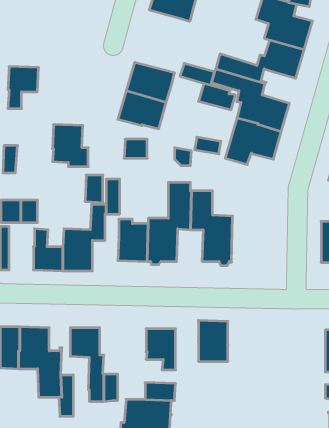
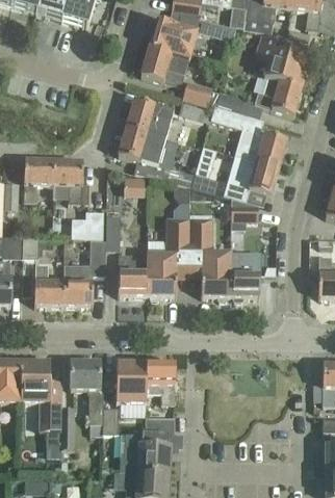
building: none -> [140,48,188,85]
building: [8,67,39,109] -> [24,160,54,202]
building: [198,83,235,110] -> [182,80,218,106]
building: none -> [231,196,258,226]
building: none -> [230,252,260,300]
building: [198,320,228,361] -> [117,362,146,402]

